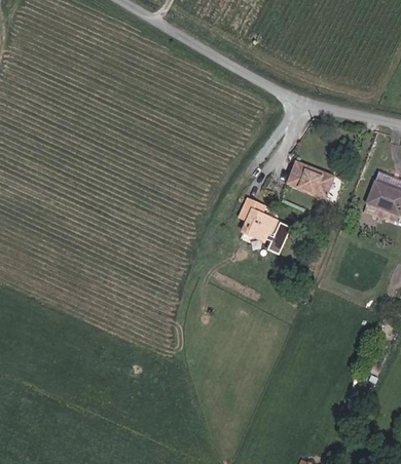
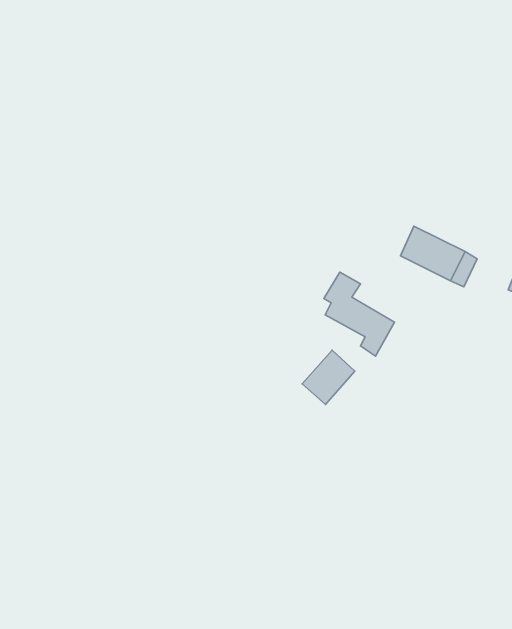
building: none -> [302,350,355,404]

